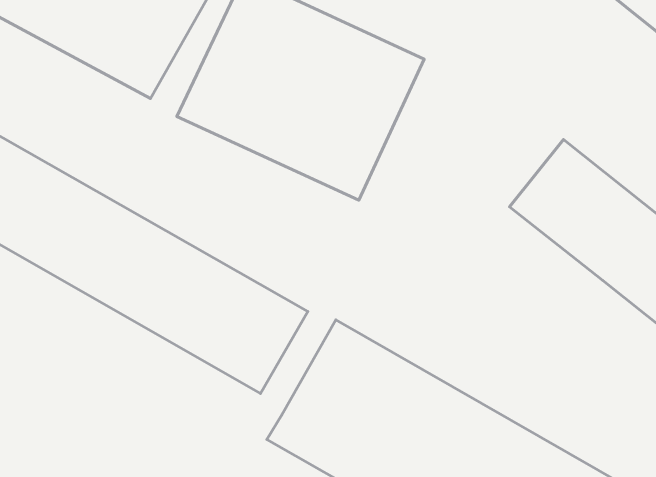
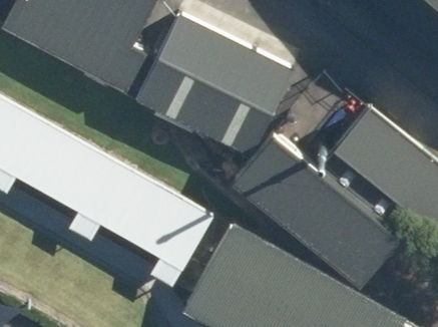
building: none -> [233,136,393,284]

